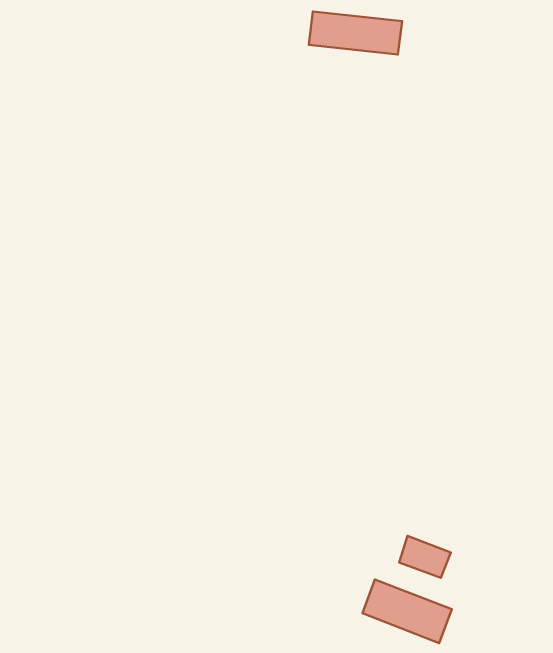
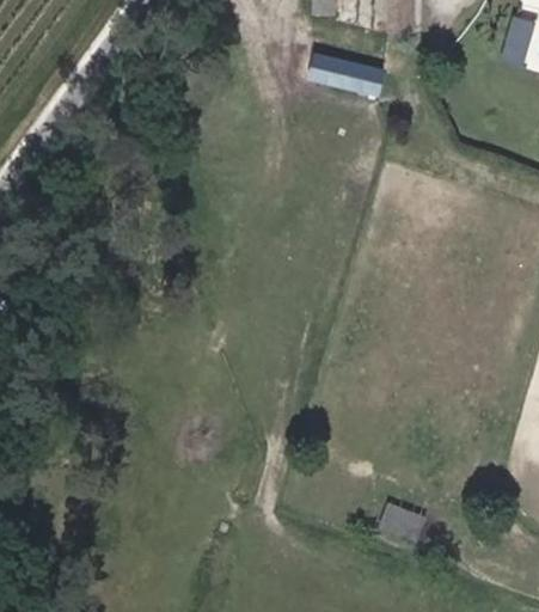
building: [362,579,452,643] -> none

